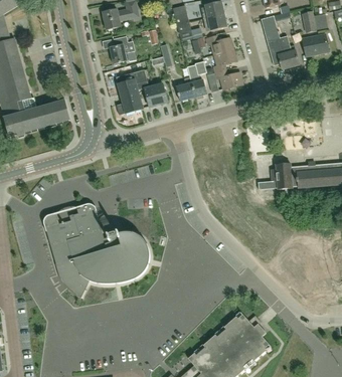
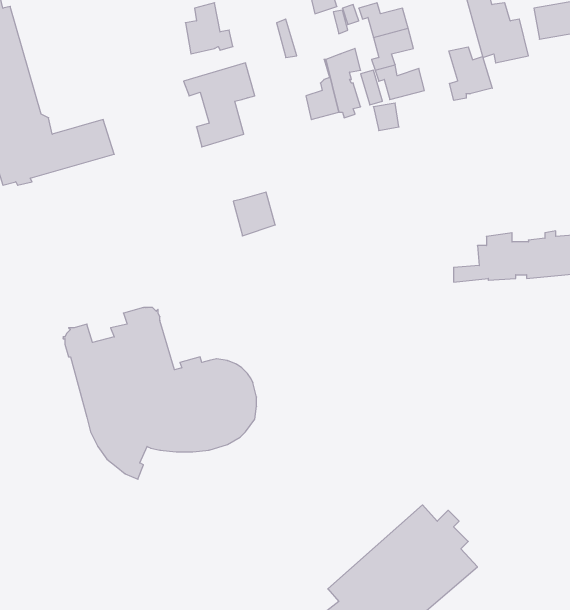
building: none -> [449,47,492,100]
building: [145,83,168,108] -> [233,192,275,236]

